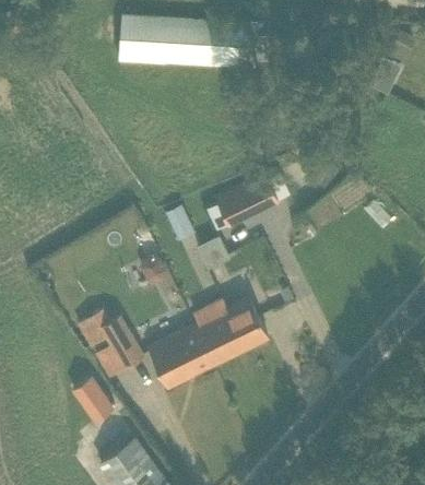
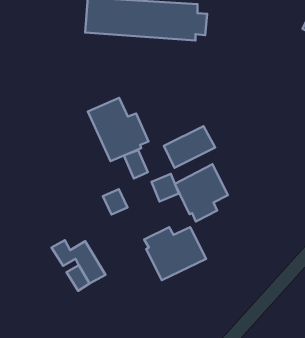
building: none -> [88,98,148,161]
building: none -> [175,164,228,221]
building: [149,327,214,388] -> none
building: [73,378,114,423] -> none

